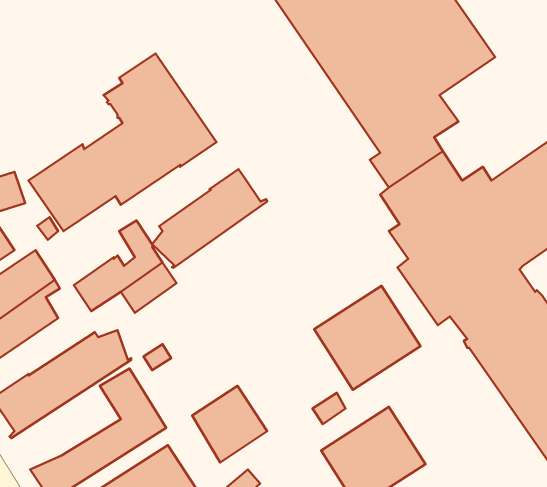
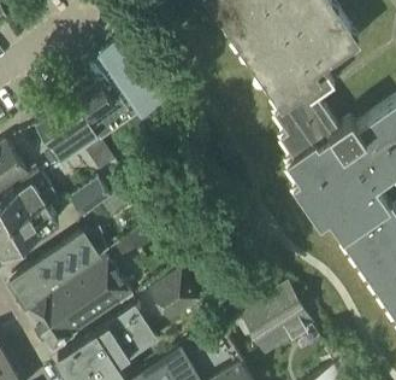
building: [152,169,267,268] -> none
building: [314,286,420,390] -> none
building: none -> [25,269,100,327]

